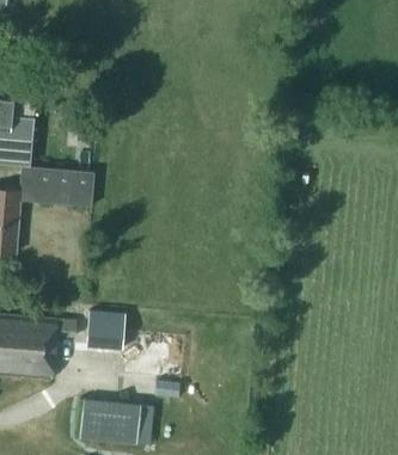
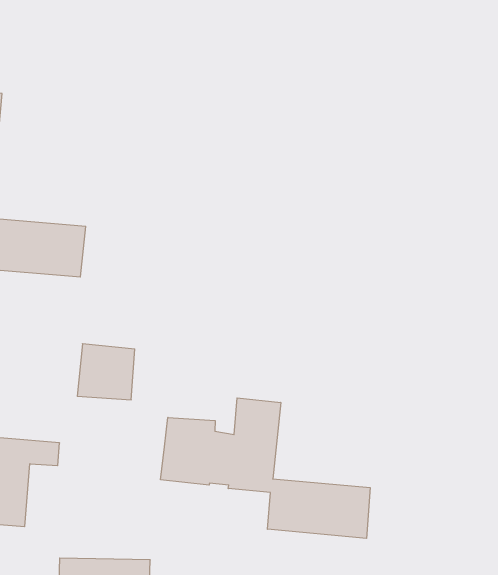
building: none -> [161,398,370,538]
building: [85,310,124,349] -> [77,344,135,400]

